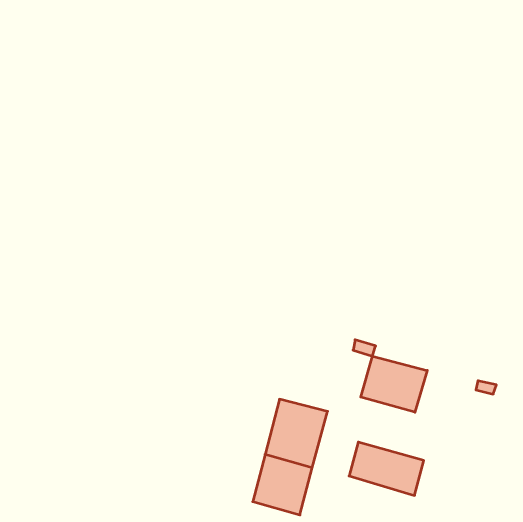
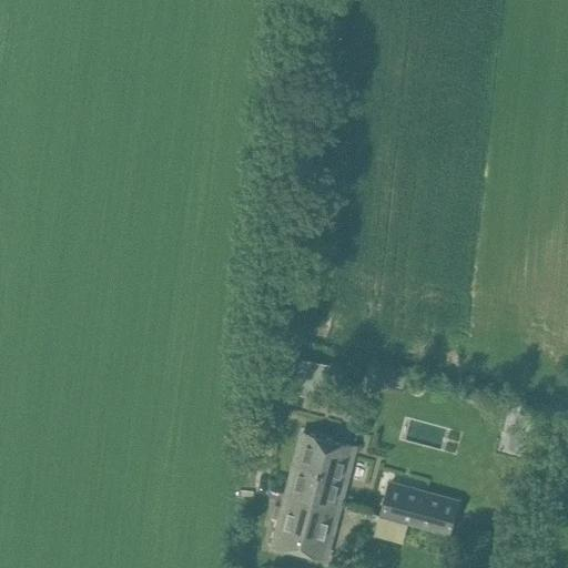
building: [361,356,427,412] -> none

